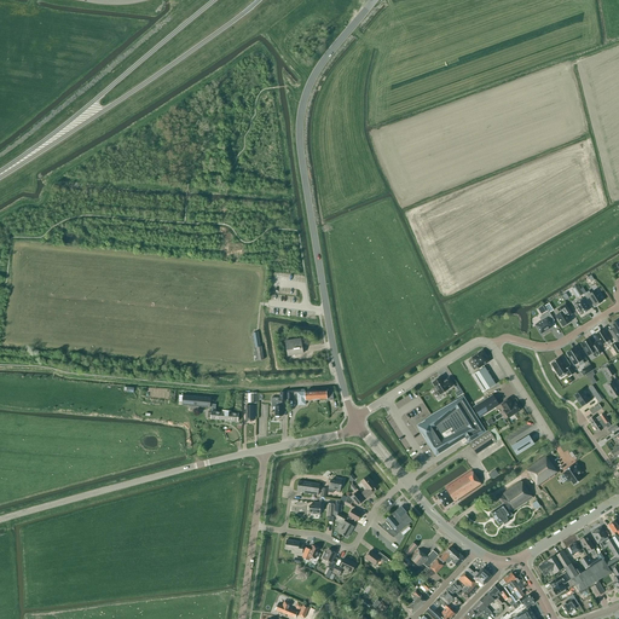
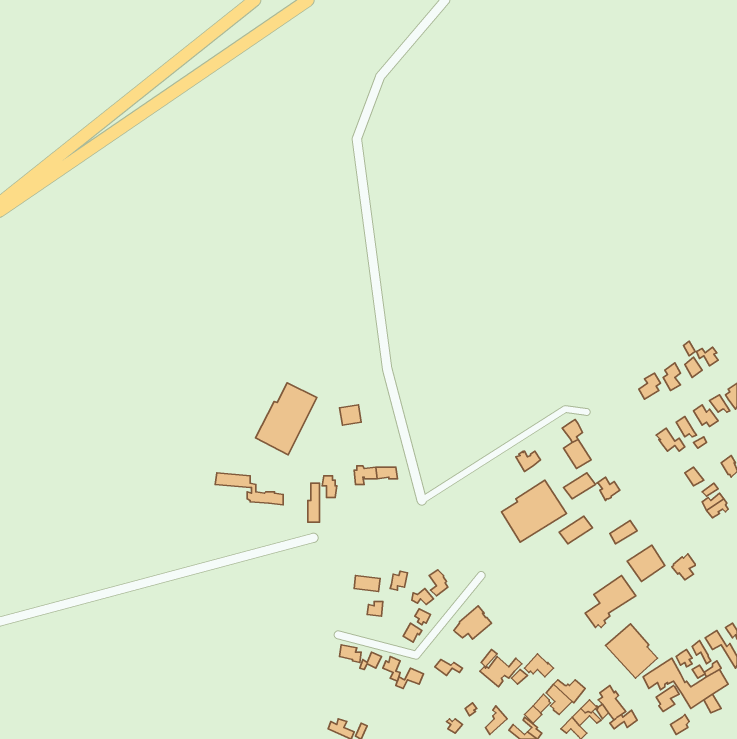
building: none -> [256,383,317,455]
building: [435,470,480,507] -> none
building: none -> [606,624,657,678]

